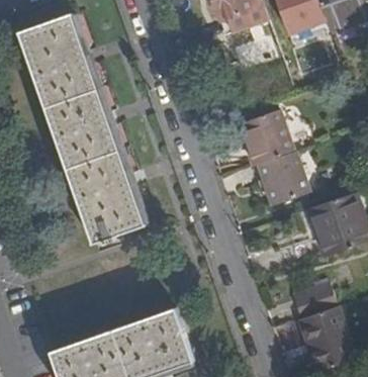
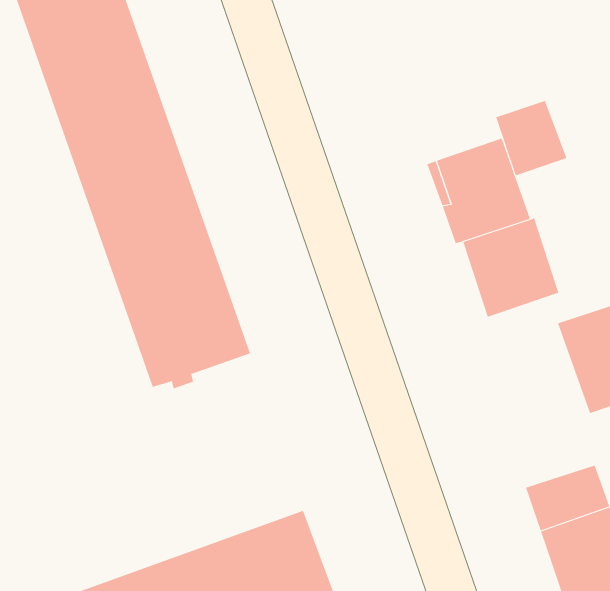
building: none -> [496,100,567,176]

